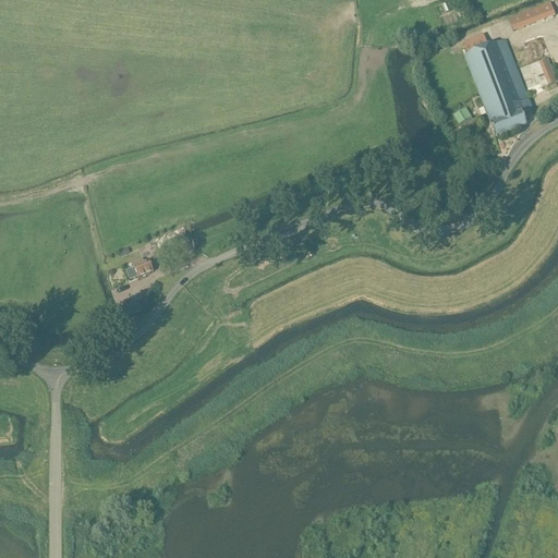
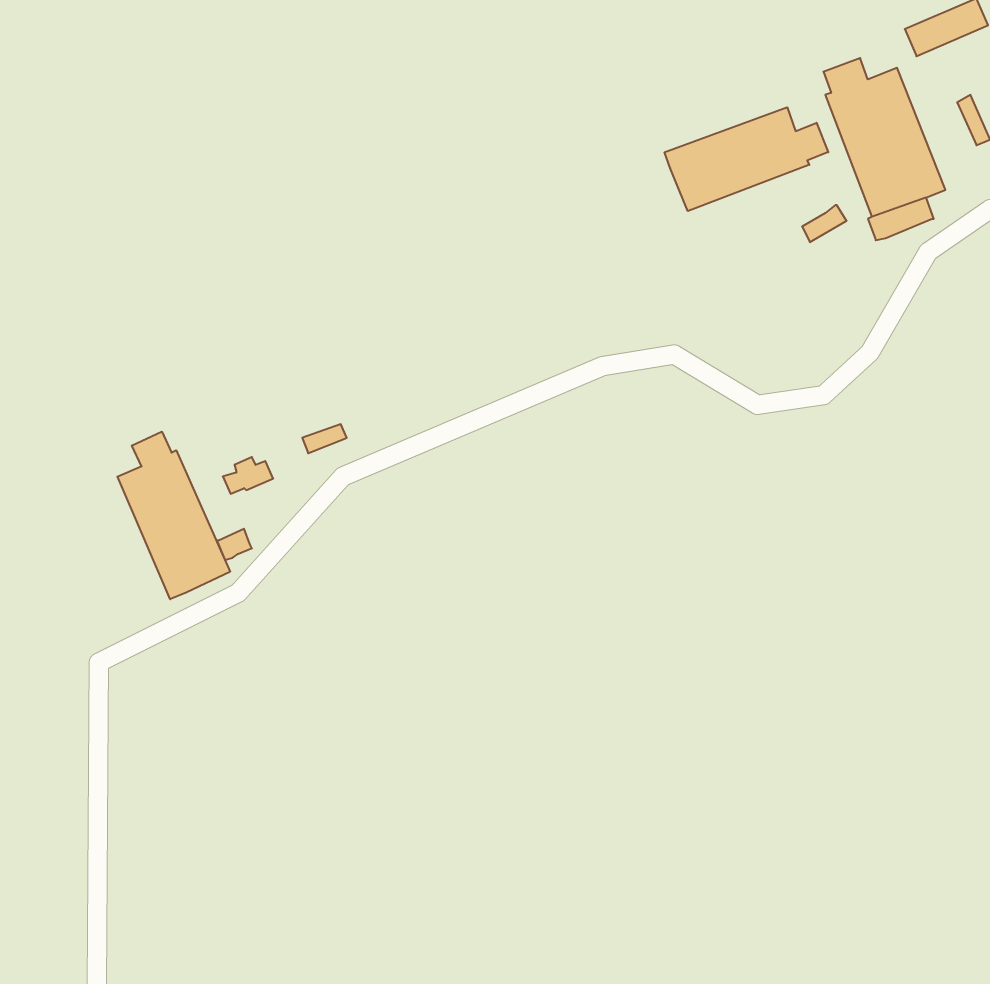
building: none -> [665,107,828,211]
building: none -> [117,432,230,599]

